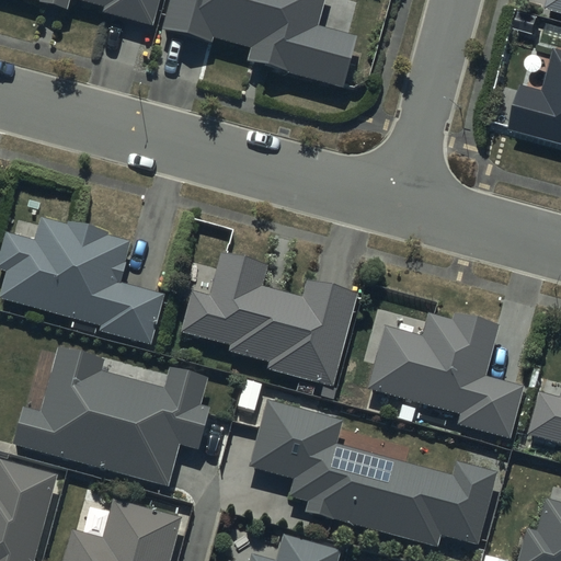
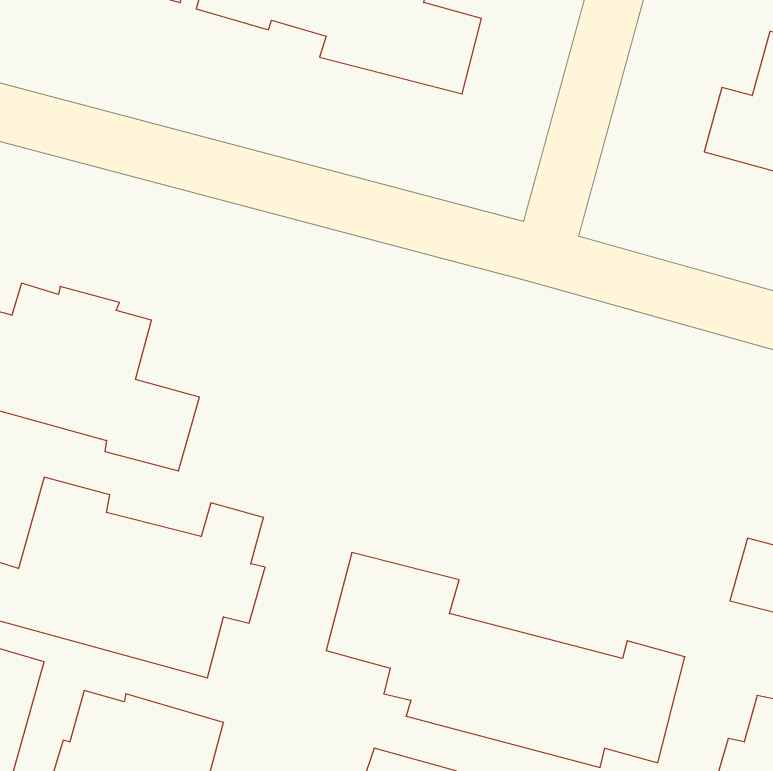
building: [181,251,355,388] -> none
building: [367,313,523,438] -> none

